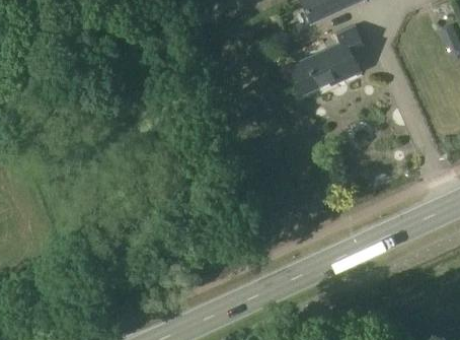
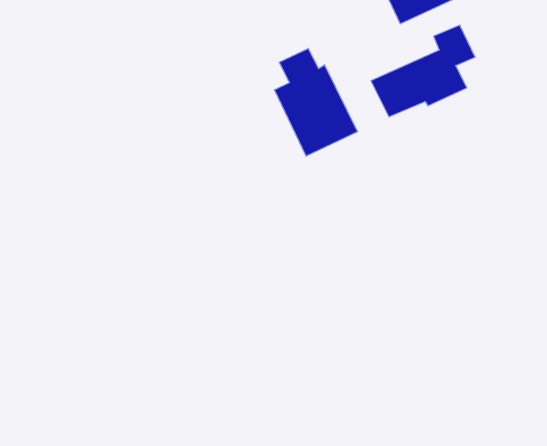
building: none -> [274,48,357,156]

